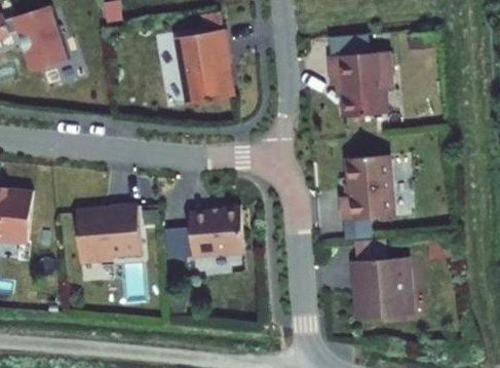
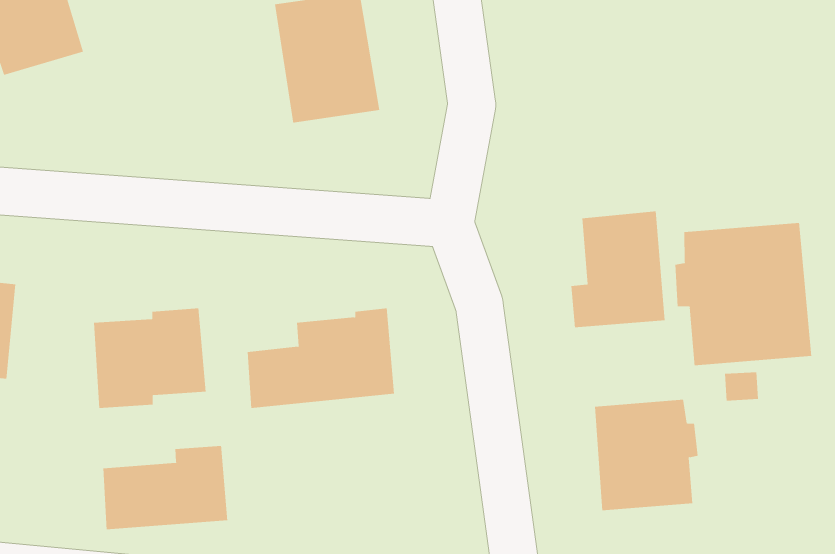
building: [331,50,394,116] -> none
building: none -> [675,222,812,366]
building: none -> [103,445,228,530]

